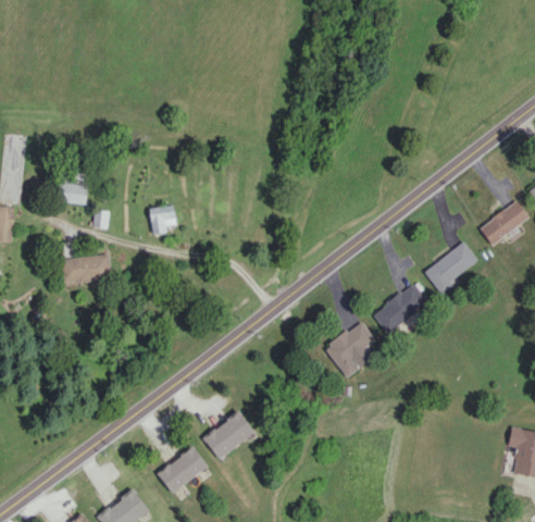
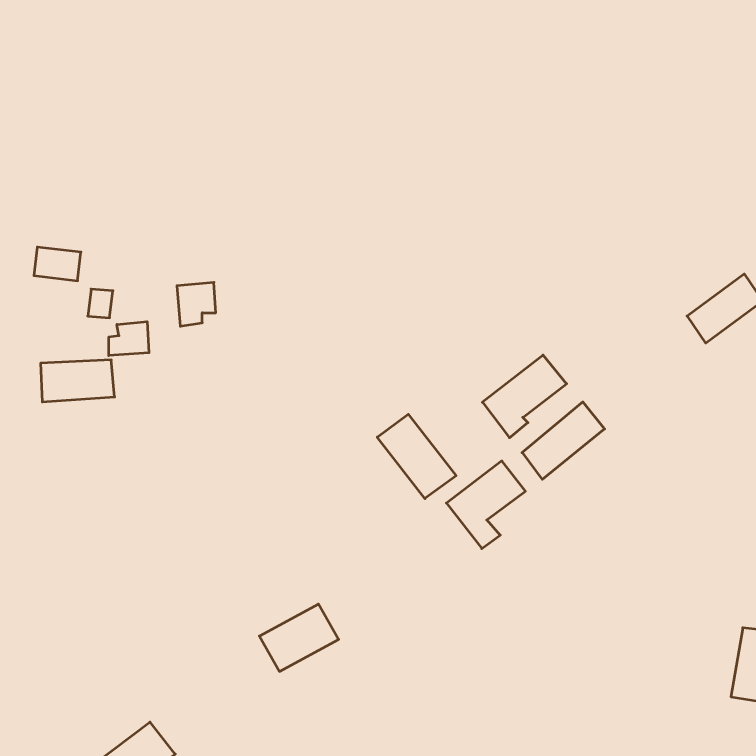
building: none -> [109,322,149,356]
building: [424,241,478,295] -> [482,355,567,438]
building: none -> [377,414,456,499]
building: [158,447,208,493] -> none

